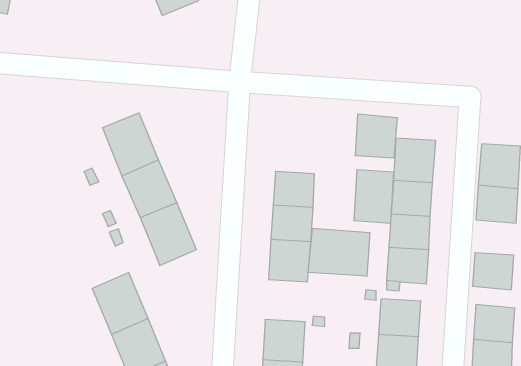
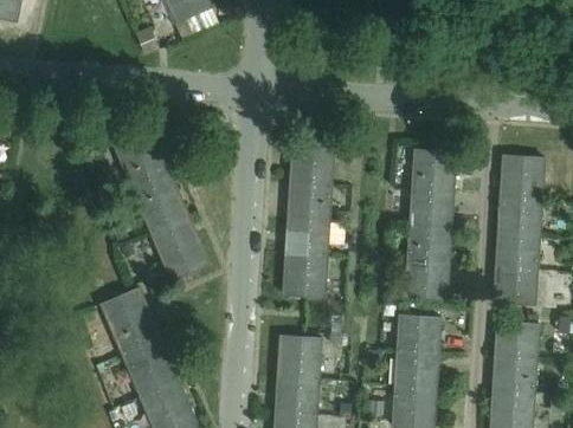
building: [355,114,397,158] -> [290,142,334,187]
building: [354,169,394,223] -> none
building: none -> [496,234,539,271]
building: [308,228,370,276] -> none

